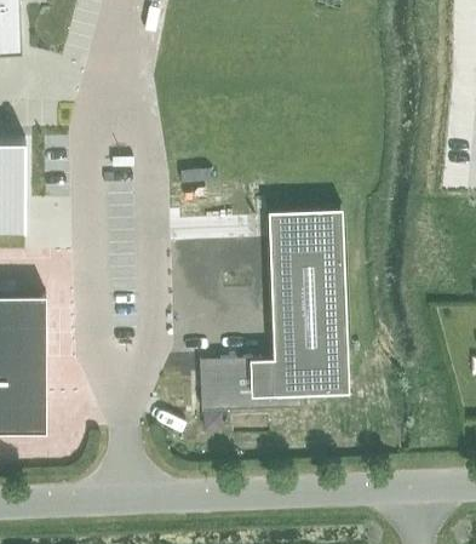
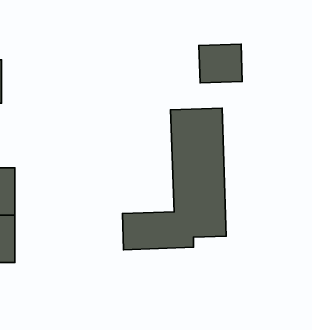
building: none -> [199,44,242,83]

